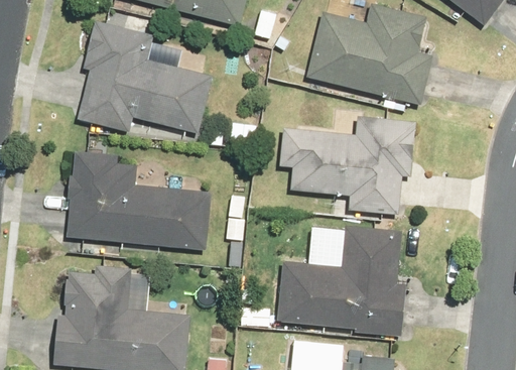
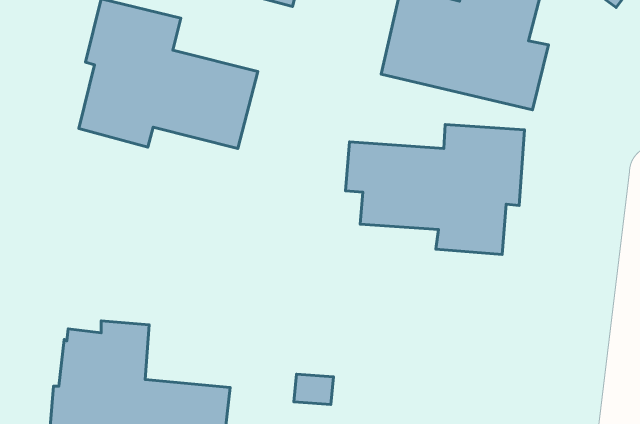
building: [66,151,211,250] -> none
building: [277,226,406,336] -> none

